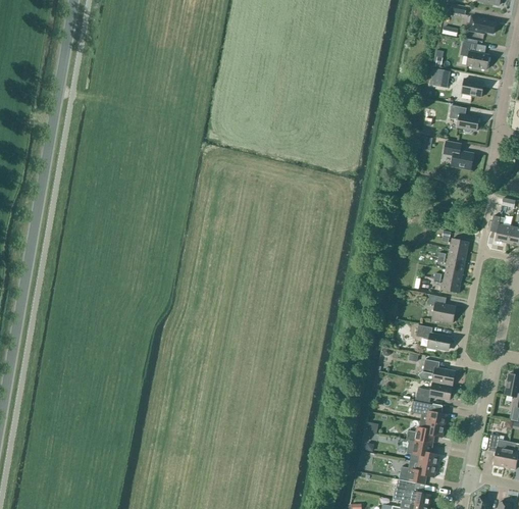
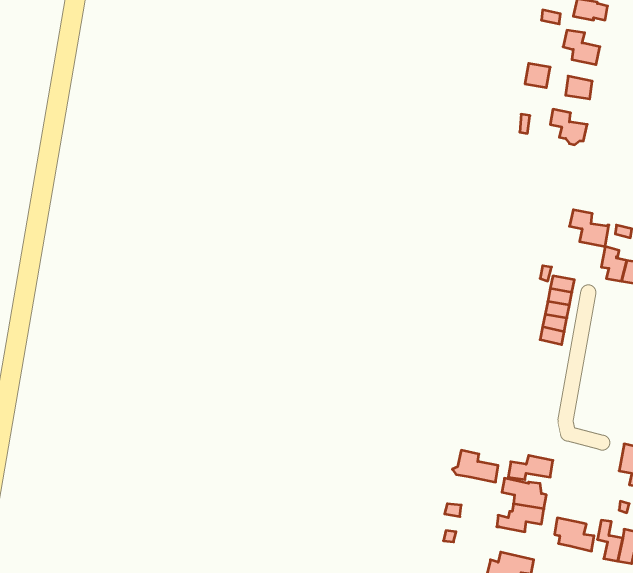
building: [443,140,474,169] -> [569,210,609,247]
building: [428,294,456,322] -> none
building: [416,324,450,350] -> none
building: [418,358,455,384] -> [452,450,498,482]
building: [407,439,438,465] -> [555,518,594,551]

